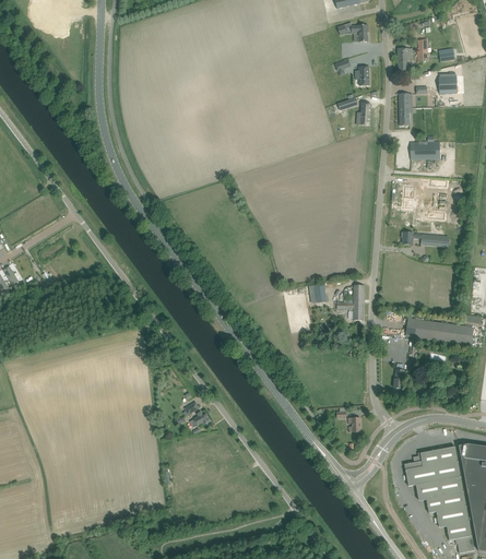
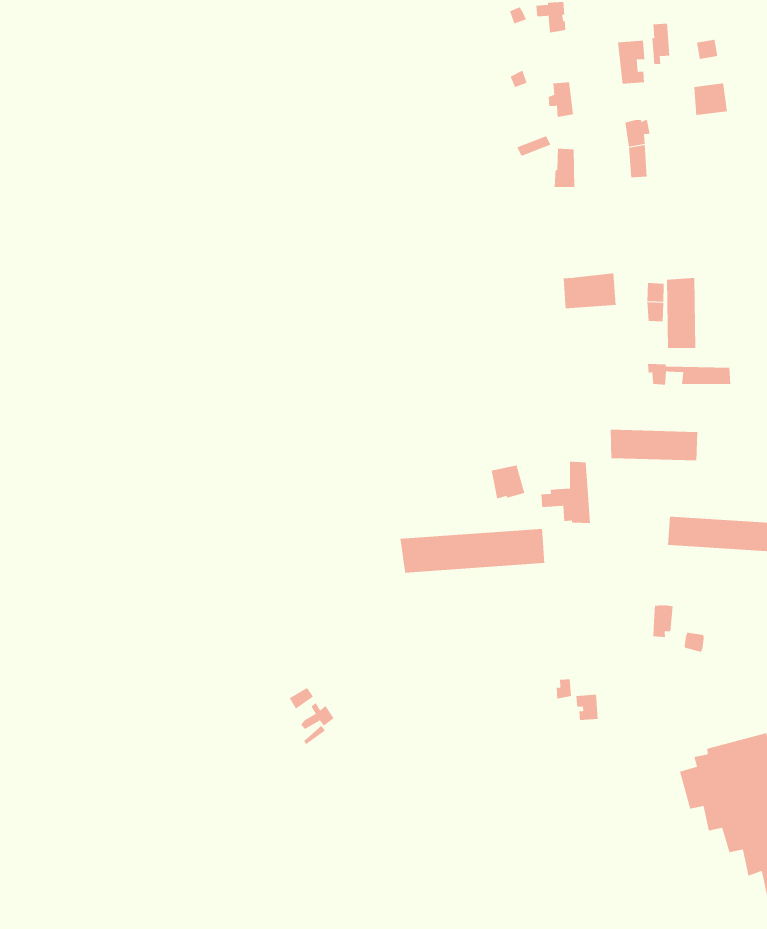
building: [411,141,440,159] -> [563,273,617,309]
building: none -> [610,429,698,461]
building: none -> [400,528,545,573]

